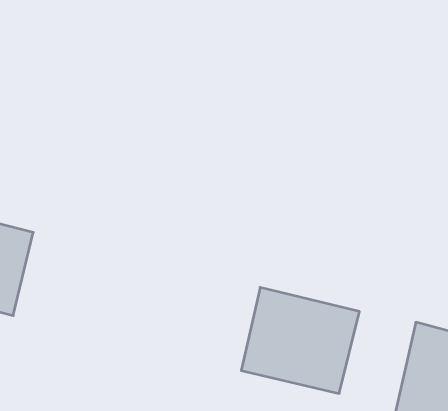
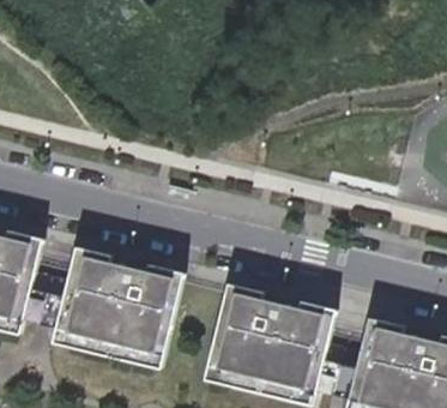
building: none -> [72,259,175,354]

